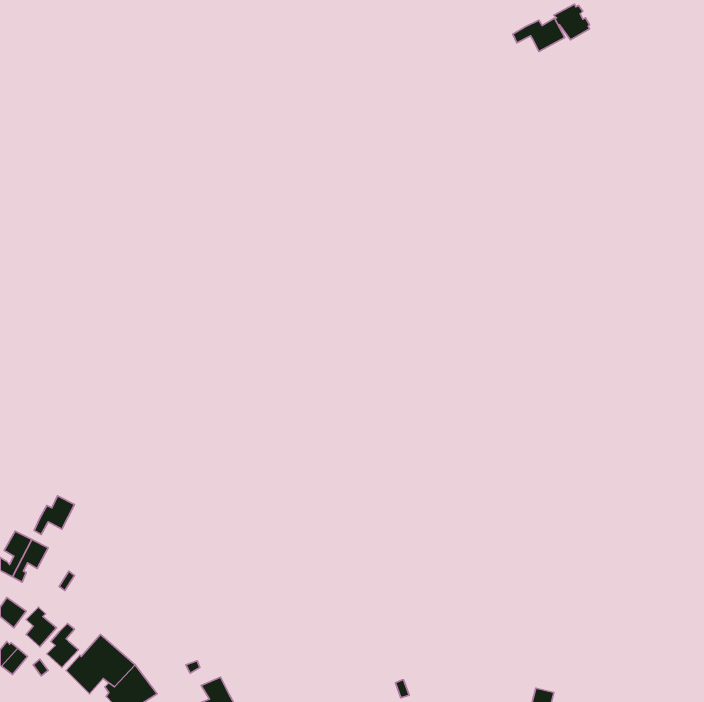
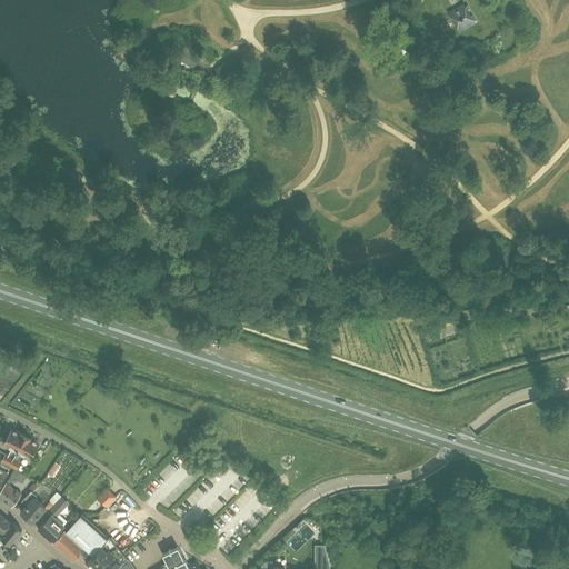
building: [513,18,565,52] -> none
building: [34,496,74,535] -> none

